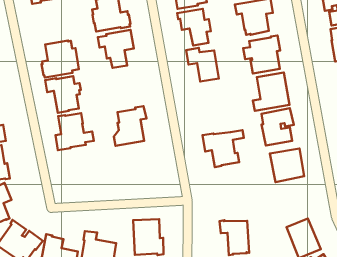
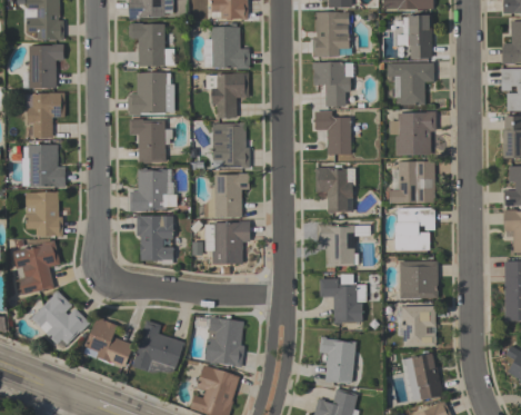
building: none -> [129,22,174,65]
building: none -> [213,121,250,168]
building: none -> [317,167,355,213]
building: none -> [206,220,251,263]
building: none -> [137,215,173,264]
building: none -> [320,274,367,323]
building: none -> [402,305,437,346]

